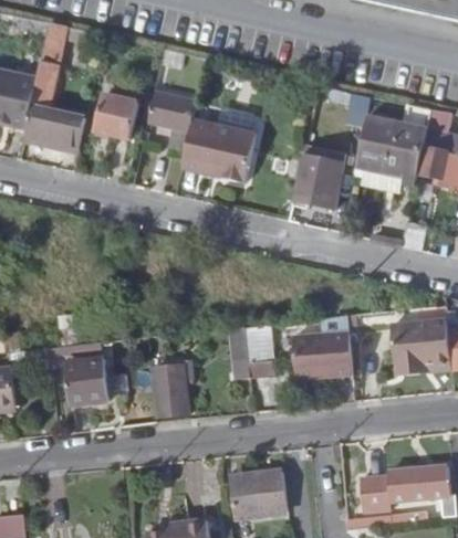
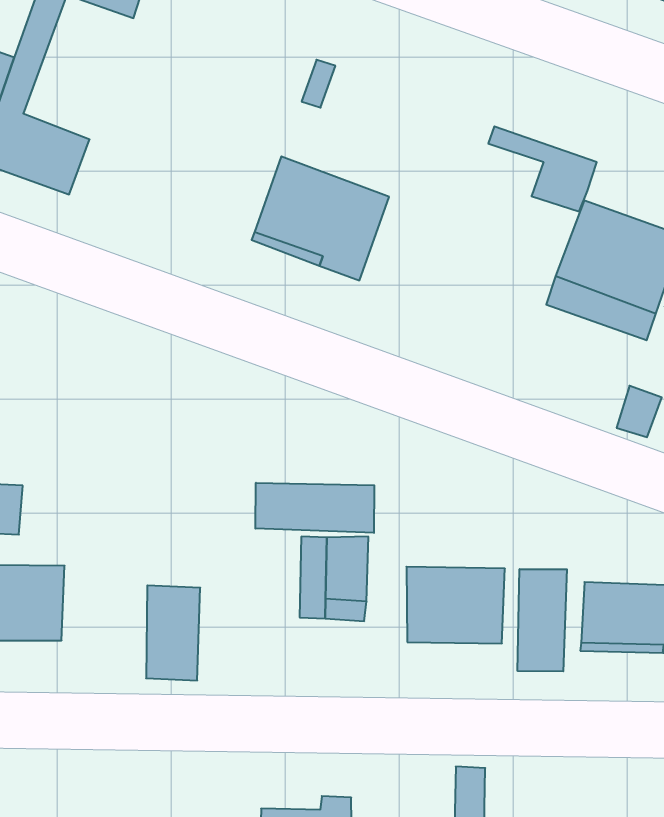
building: [95,96,142,140] -> none
building: [148,103,198,139] -> none
building: [288,151,342,210] -> none
building: none -> [255,483,374,533]
building: none -> [518,569,567,671]

